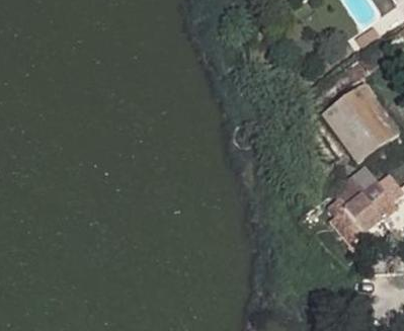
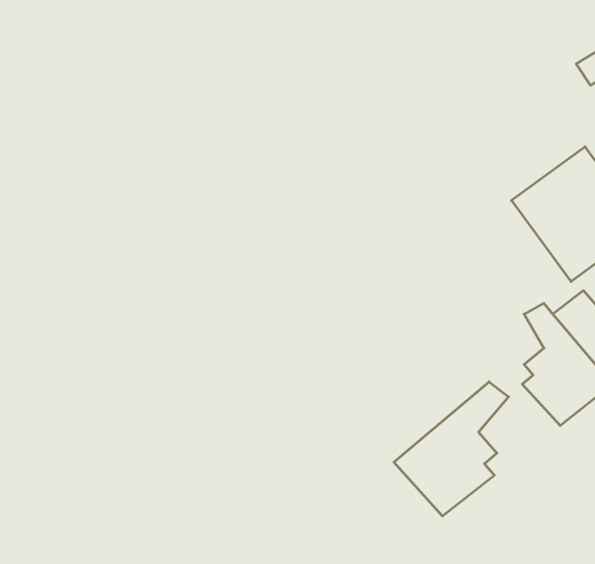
building: none -> [394,382,509,516]

